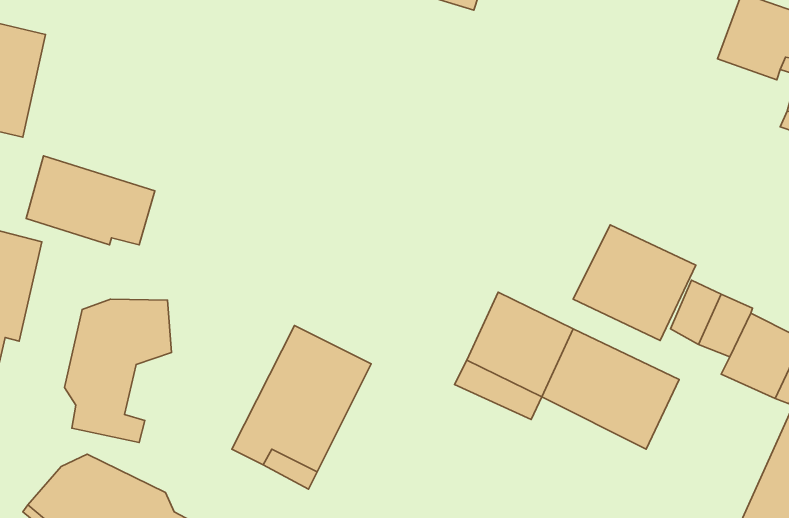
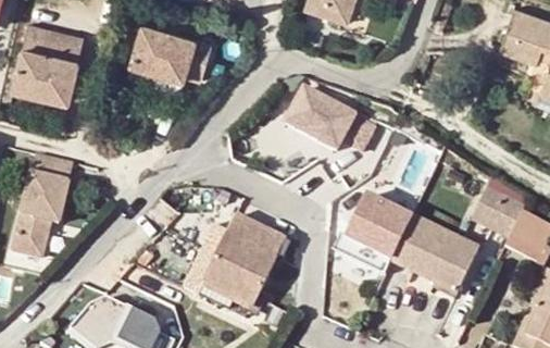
building: none -> [286,90,376,151]
building: [26,156,155,245] -> [134,21,214,76]
building: [573,225,696,340] -> none
building: [64,299,171,442] -> none

